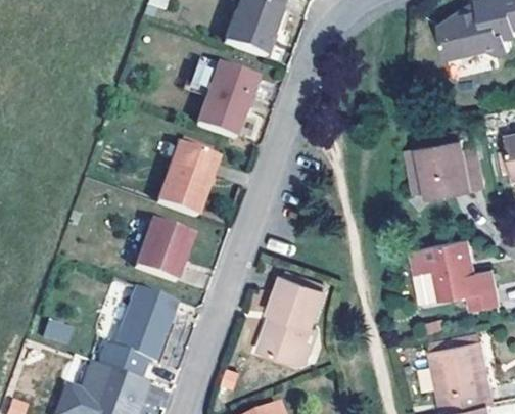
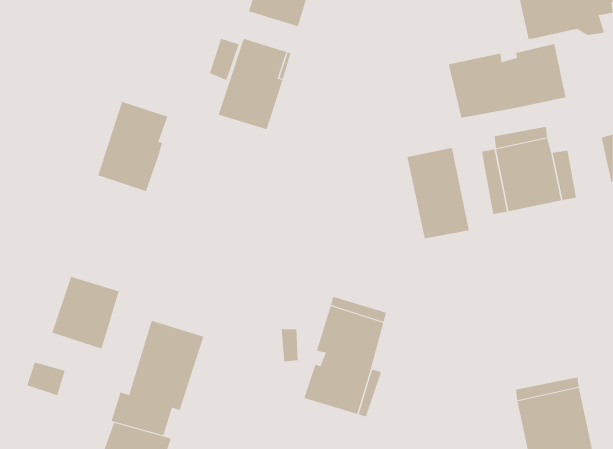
building: none -> [448,43,566,118]
building: [155,142,213,216] -> [97,101,168,192]
building: none -> [407,147,470,239]
building: [136,220,191,279] -> [52,276,120,349]
building: [416,240,502,310] -> none

